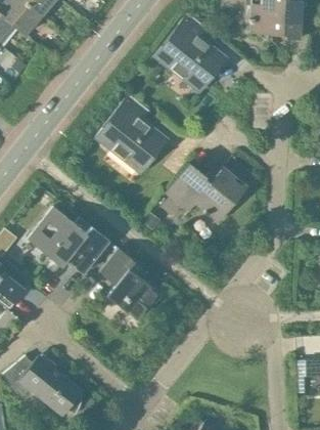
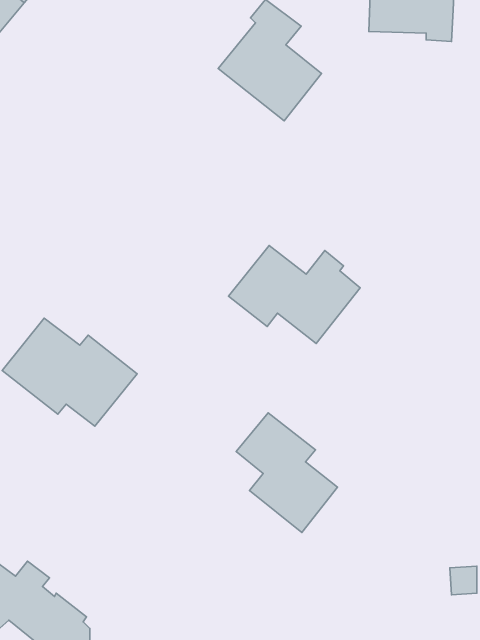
building: [100,95,162,169] -> none
building: [98,249,159,321] -> [236,413,337,533]

